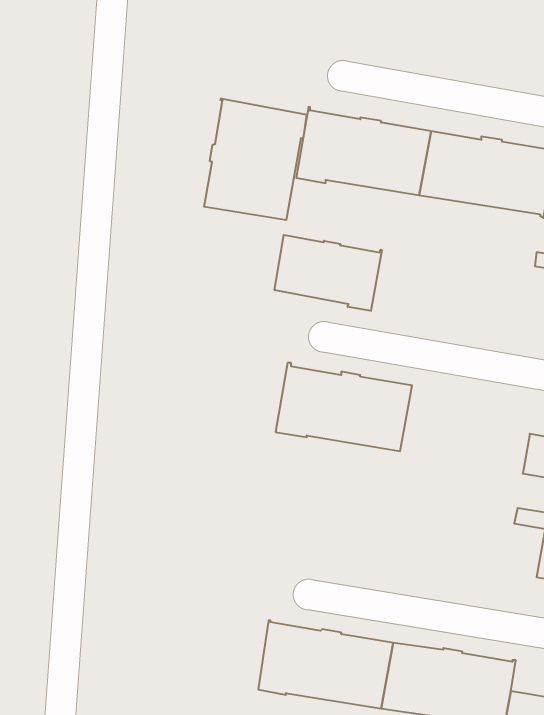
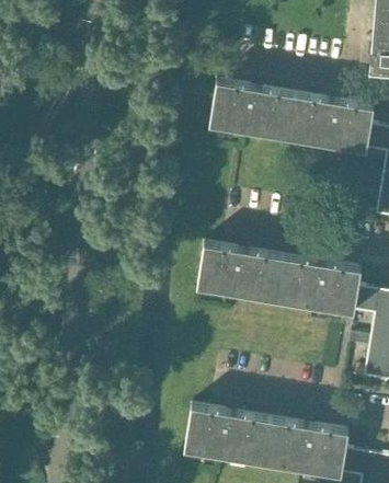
building: [204,98,307,220] -> none
building: [275,235,382,311] -> none
building: none -> [274,257,359,313]

